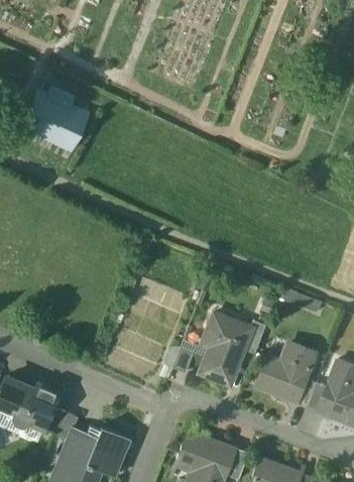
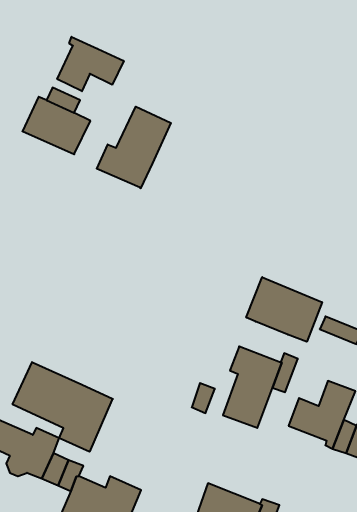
building: none -> [57,37,124,91]
building: none -> [97,107,171,188]
building: none -> [246,277,322,342]
building: none -> [13,362,113,452]

